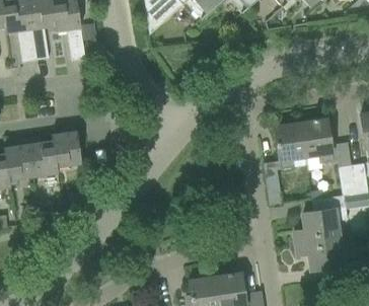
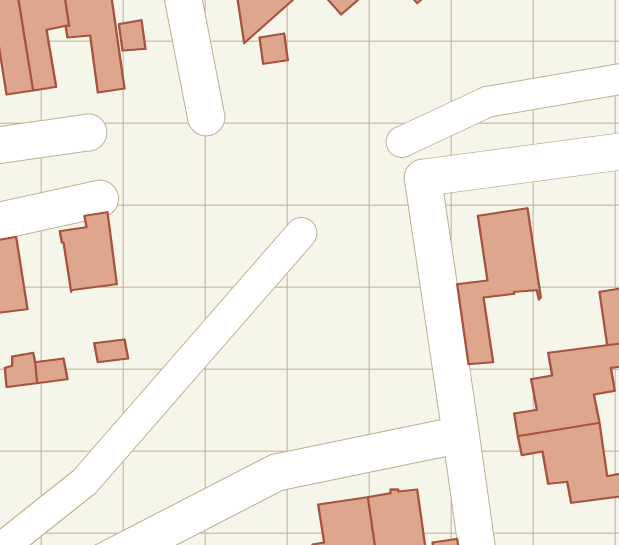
building: [301,118,334,169] -> none
building: [28,135,59,175] -> none

